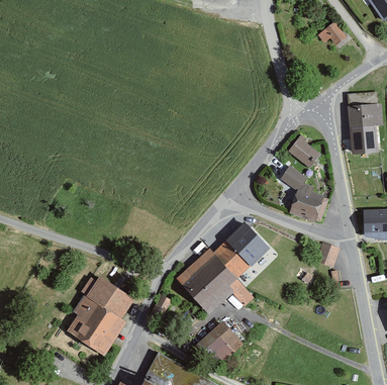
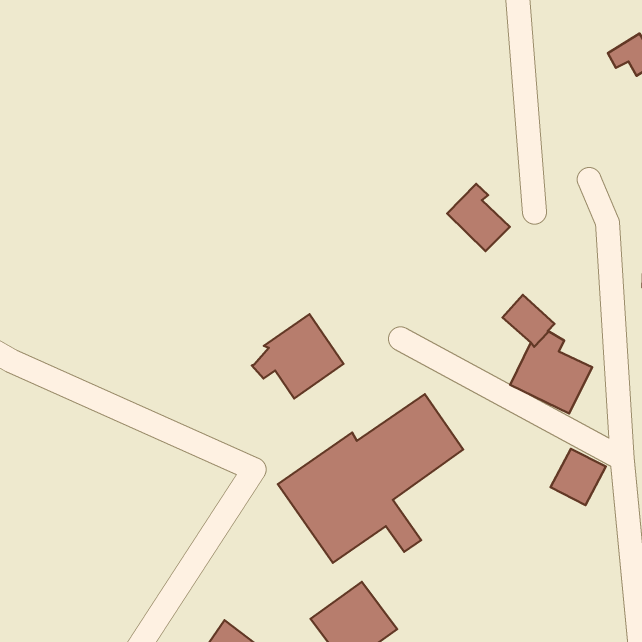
building: [288,133,321,168] -> [447,184,510,251]
building: none -> [252,314,343,399]
building: [69,278,132,350] -> none

